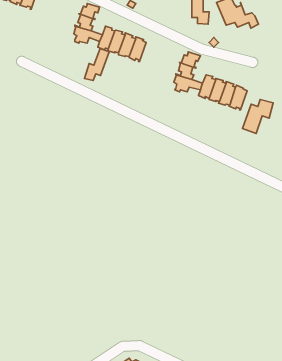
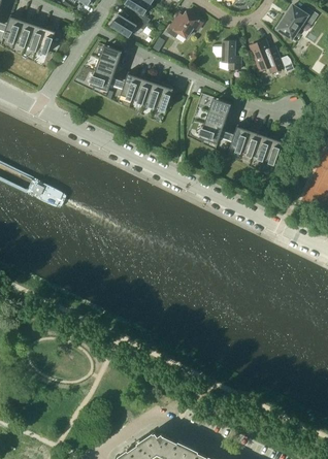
building: [85,48,109,80] -> none
building: [242,100,273,133] -> none

